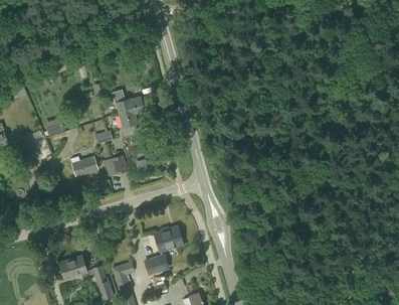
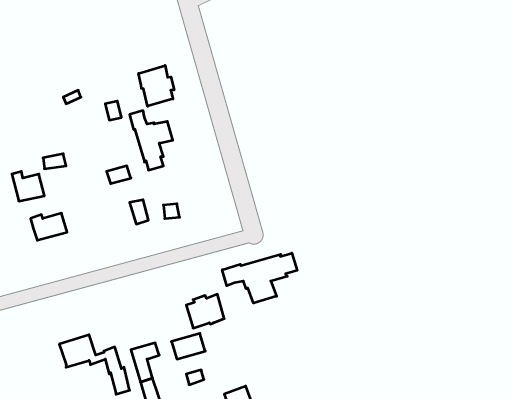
building: none -> [139,65,174,106]
building: [70,155,97,175] -> [31,213,67,240]
building: none -> [222,253,297,303]

